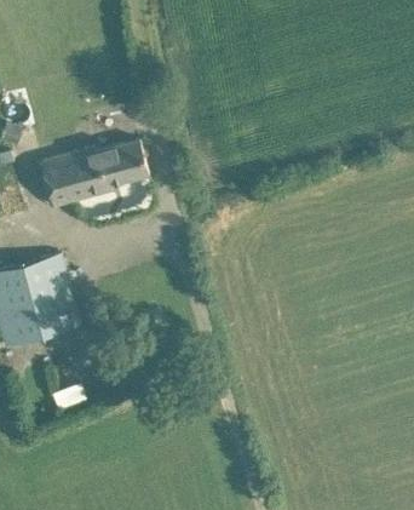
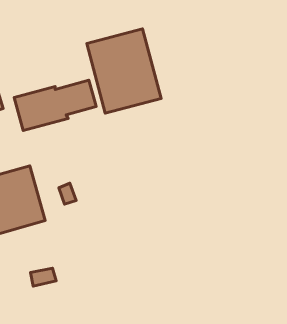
building: none -> [87,29,161,113]

